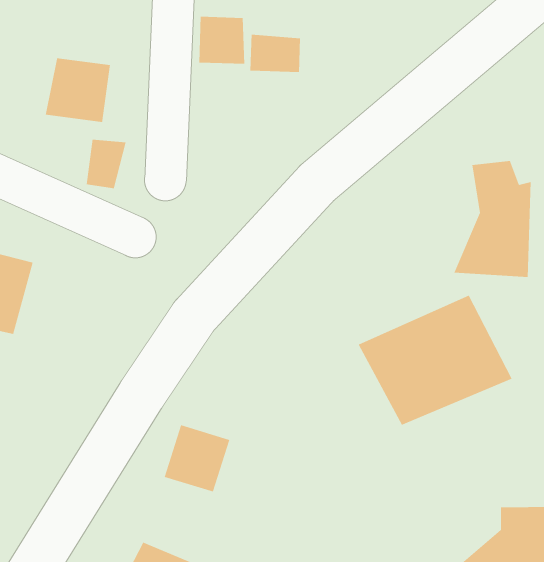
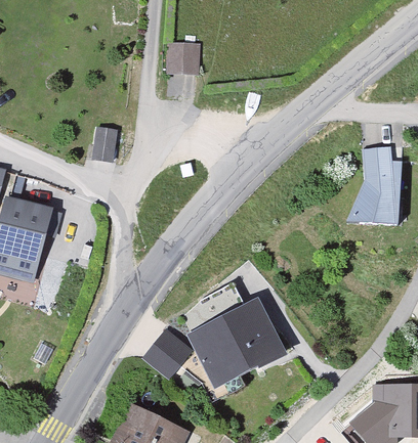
building: [250,34,301,73] -> none
building: [45,58,110,123] -> none
building: [358,295,513,426] -> [183,285,289,374]

